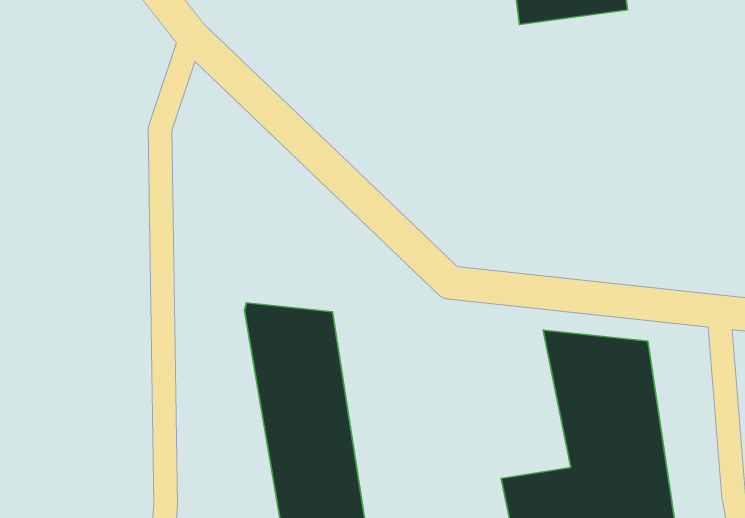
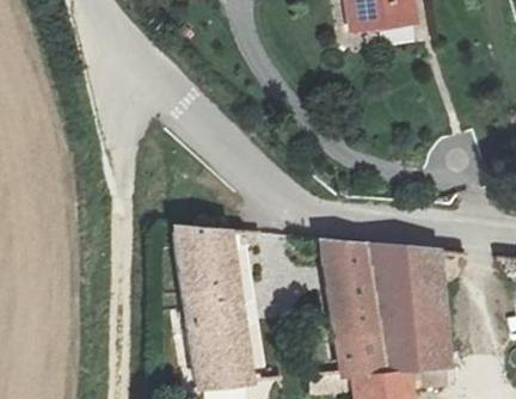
building: none -> [319,235,383,338]

